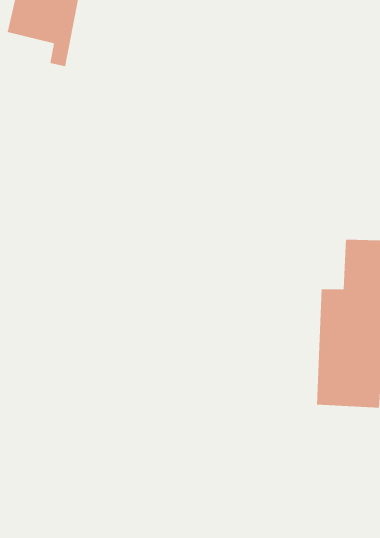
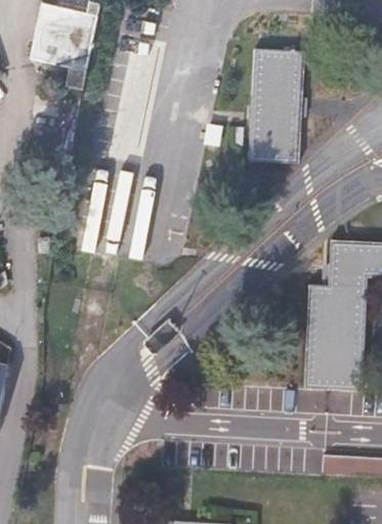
building: none -> [249,49,305,163]

